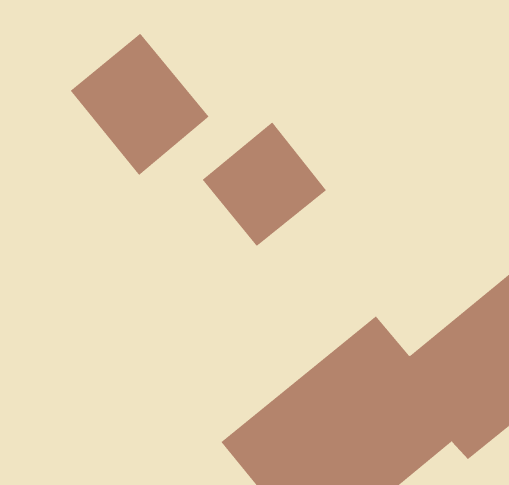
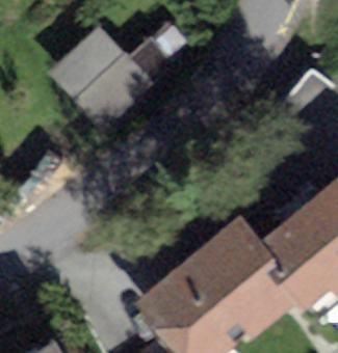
building: [202,122,327,247] -> none

